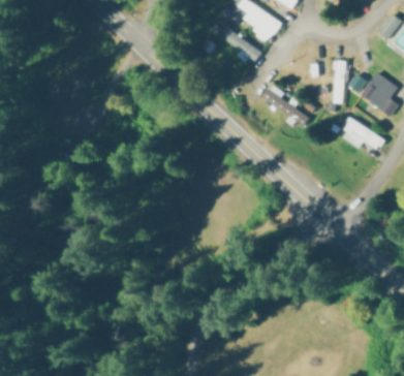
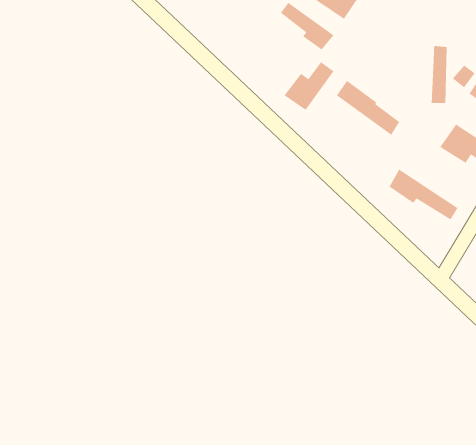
building: none -> [283,61,334,111]
building: none -> [388,169,459,220]

